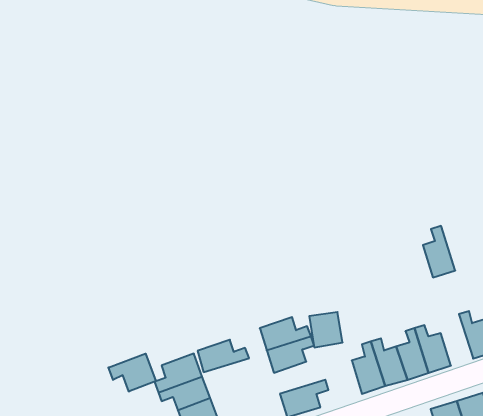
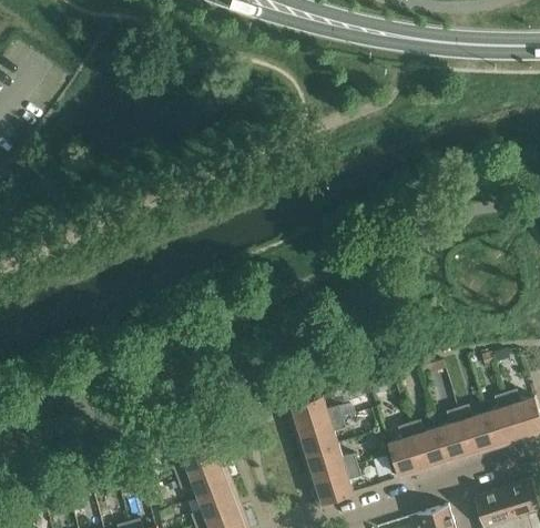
building: [423,226,455,277] -> [485,392,520,448]
building: [198,340,249,372] -> [302,444,358,479]
building: [108,354,156,392] -> none

